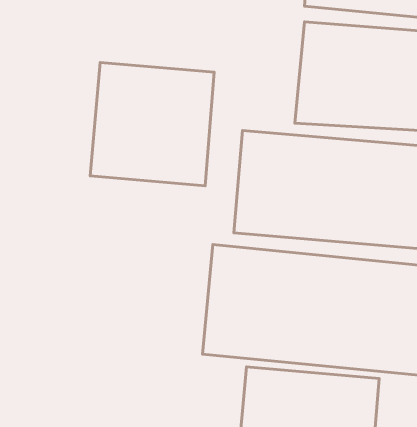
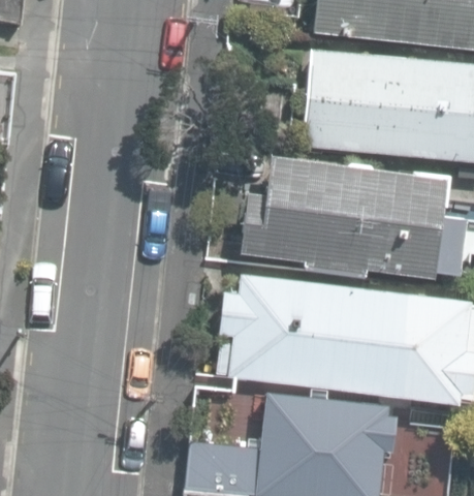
building: [90,63,214,186] -> none

